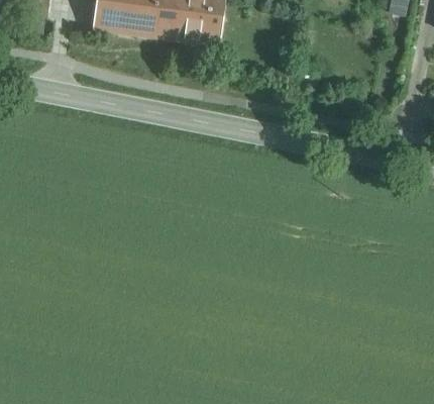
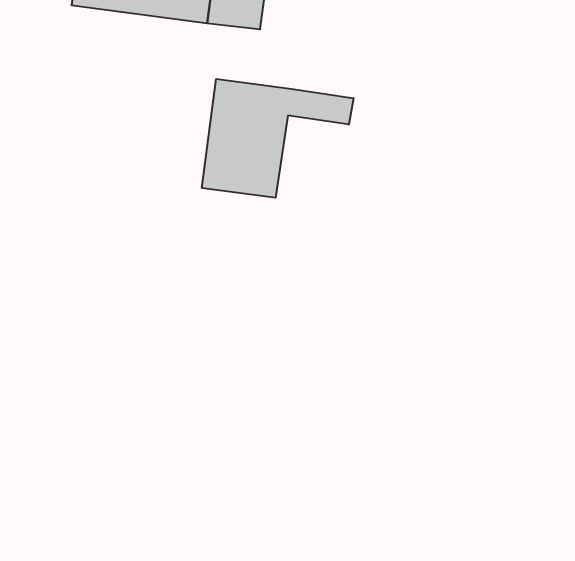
building: none -> [202,79,353,198]

